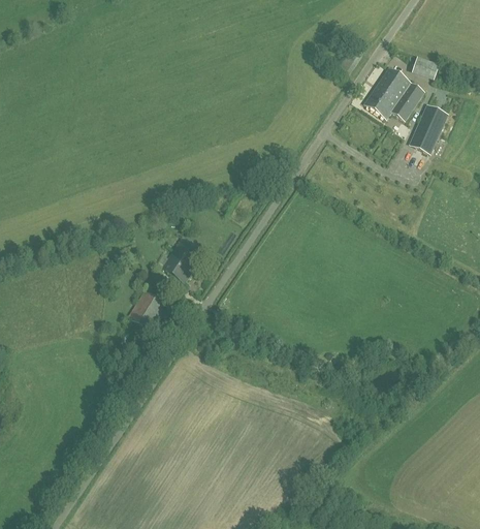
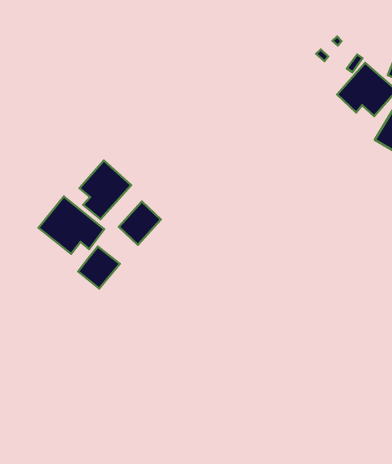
building: none -> [80,160,131,219]
building: none -> [38,196,104,254]

